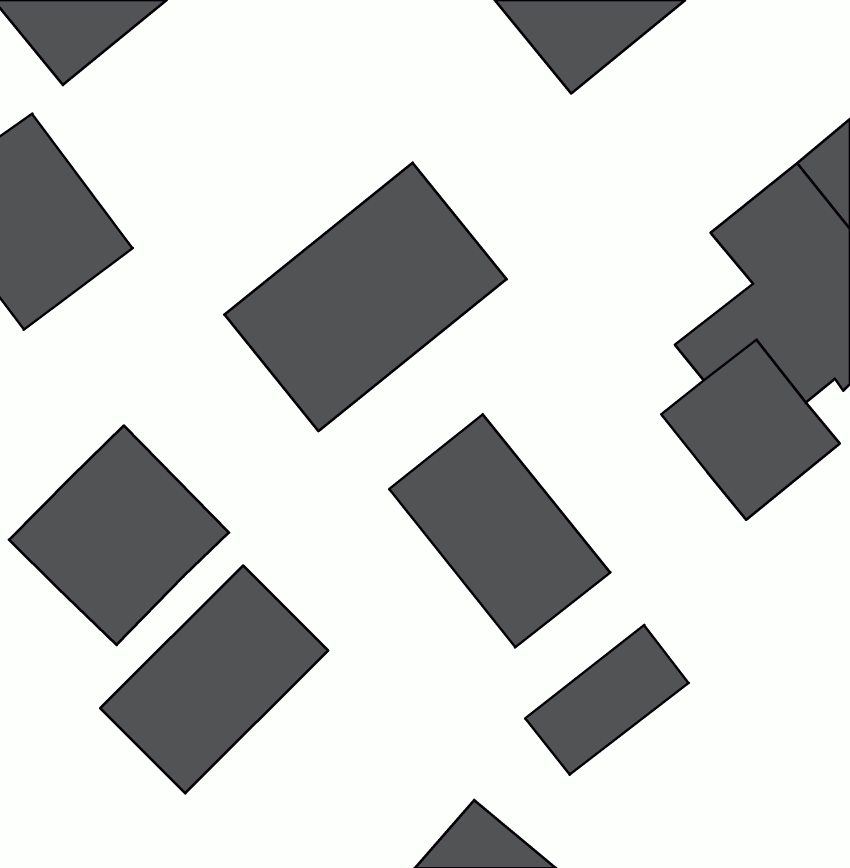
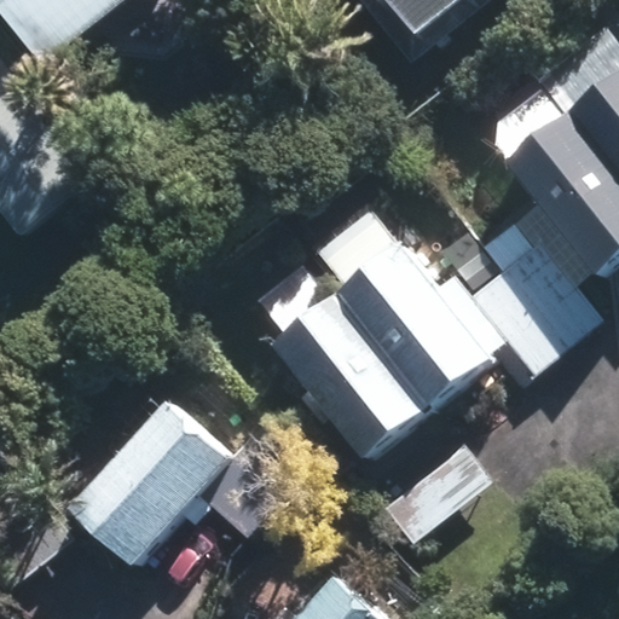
building: [224,163,507,431] -> none
building: none -> [343,243,503,407]
building: [9,426,229,645] -> none

